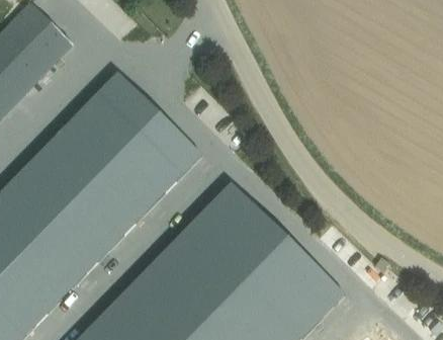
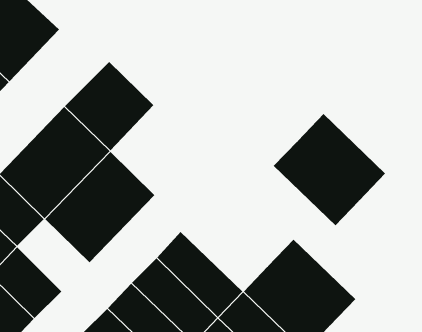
building: [119,113,202,196] -> none
building: [184,181,288,285] -> [273,113,386,226]
building: [33,219,100,285] -> none

